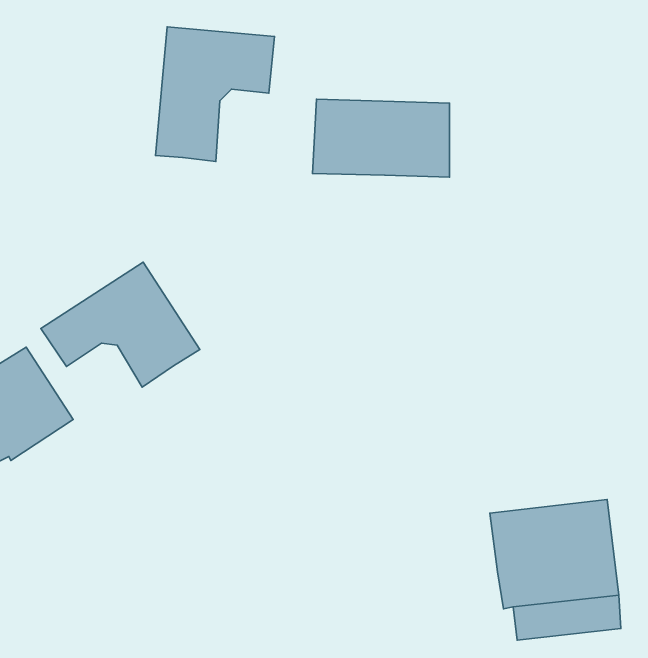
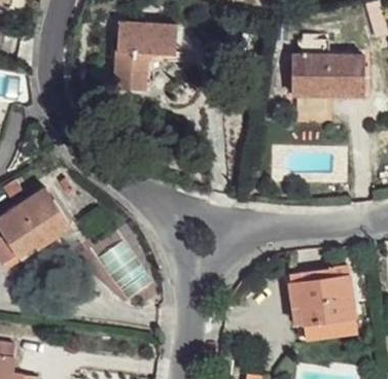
building: [312,99,449,177] -> [291,55,363,96]
building: [41,262,200,387] -> none

